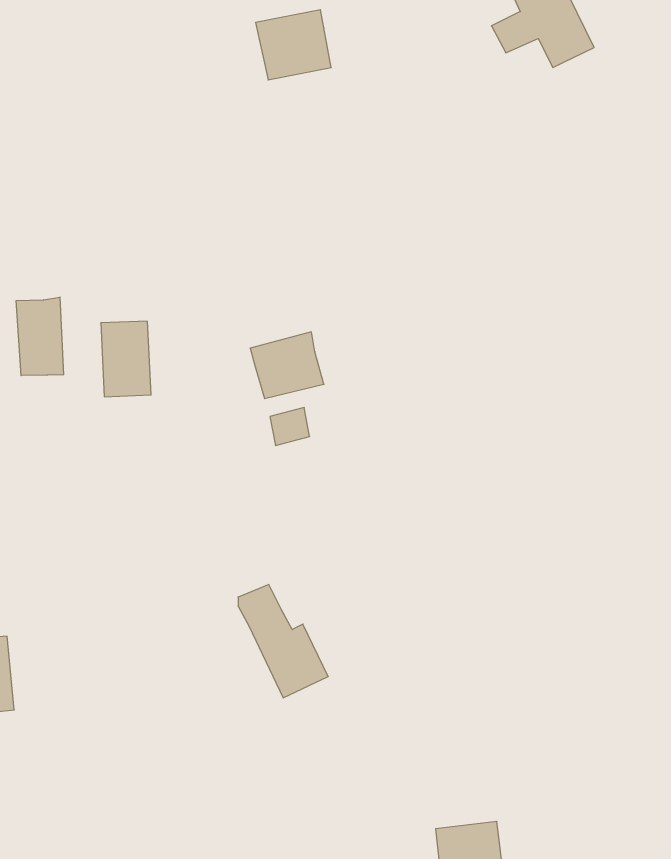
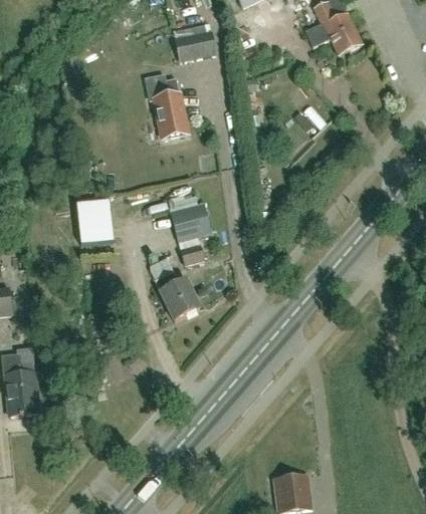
building: none -> [146,75,187,138]
building: [16,297,64,376] -> none
building: [238,585,328,698] -> [149,257,199,320]

